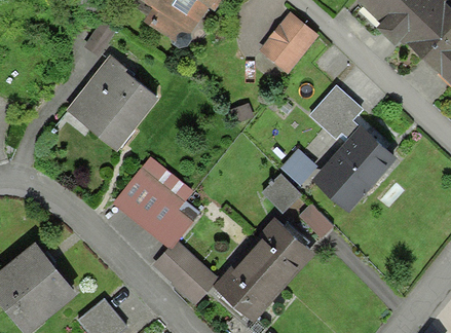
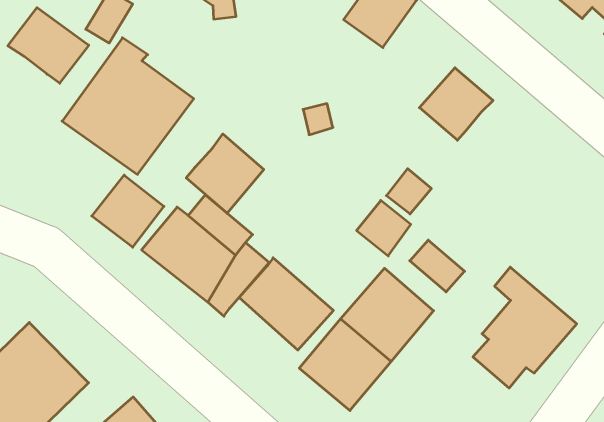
building: none -> [8,8,89,83]
building: [324,117,396,199] -> [473,267,577,388]
building: none -> [186,134,264,213]
building: none -> [92,175,164,247]
building: [149,242,213,305] -> [239,258,333,350]

